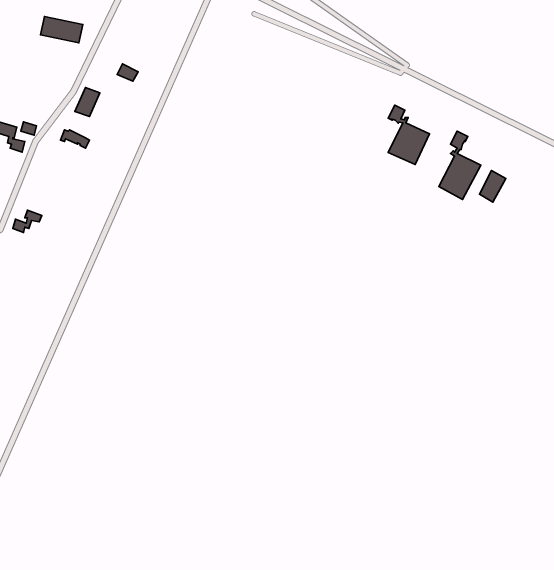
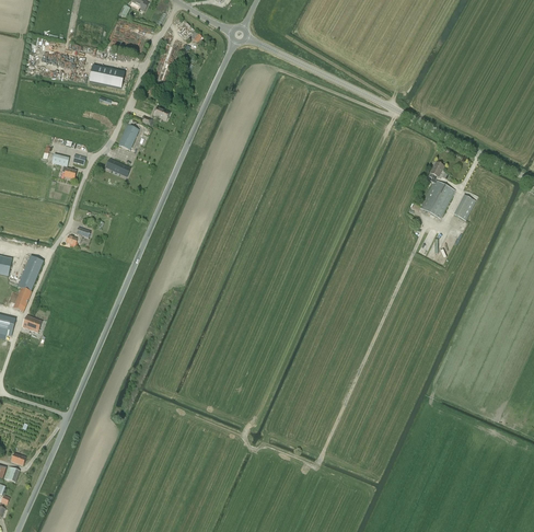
building: [388,105,429,164] -> none

